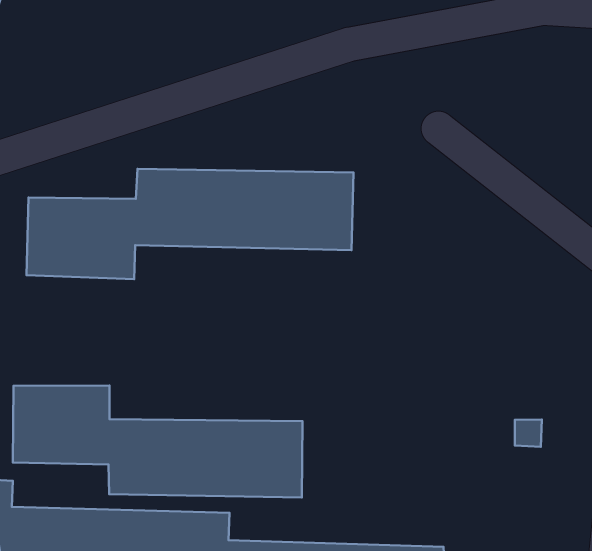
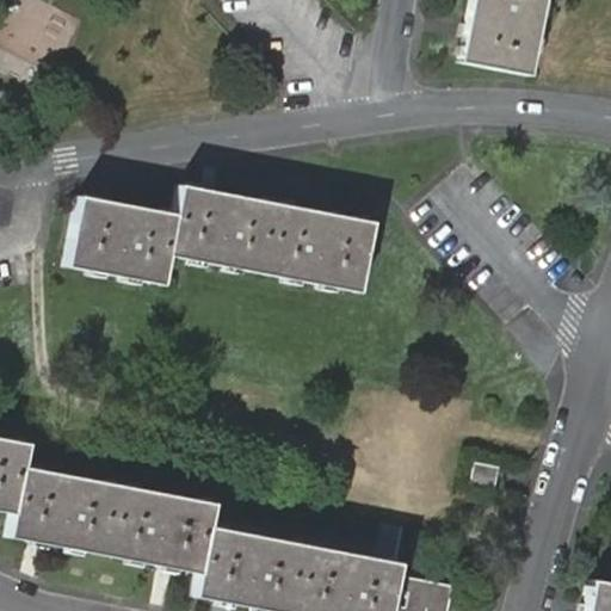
building: [13,385,302,498] -> none

